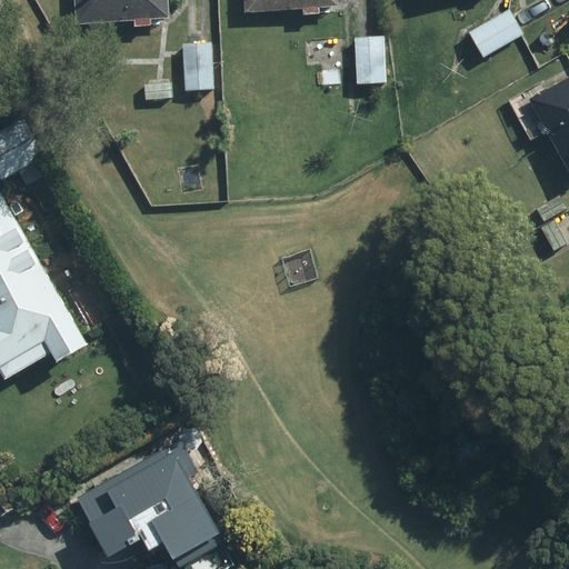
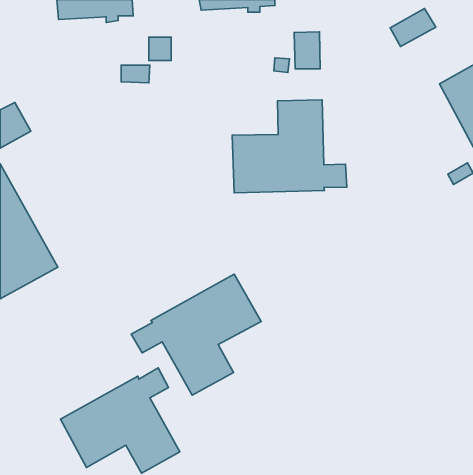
building: none -> [232,100,347,193]
building: none -> [131,274,261,395]

